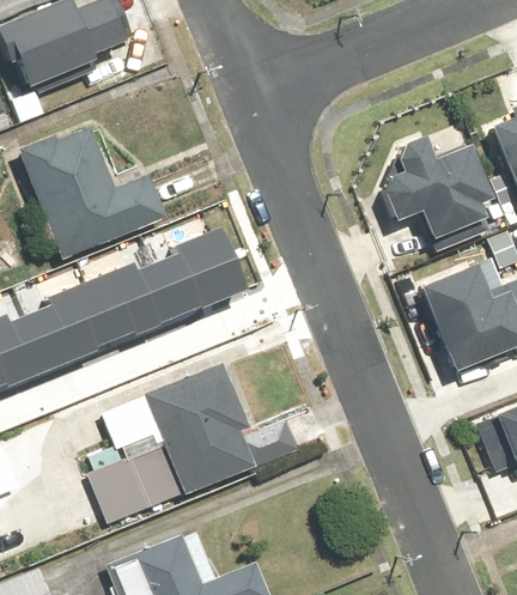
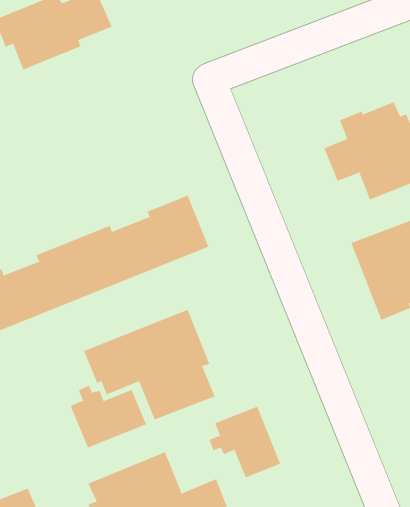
building: [20,122,168,259] -> none
building: none -> [209,406,281,478]

